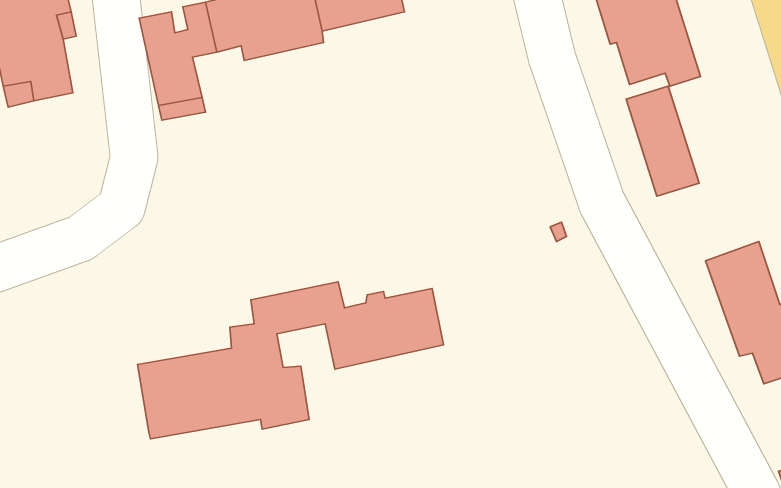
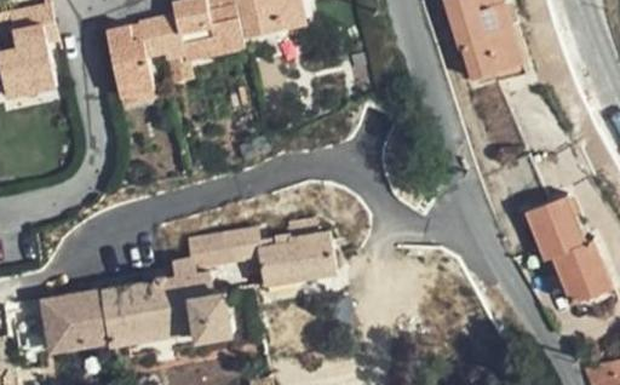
building: none -> [44,288,113,349]

